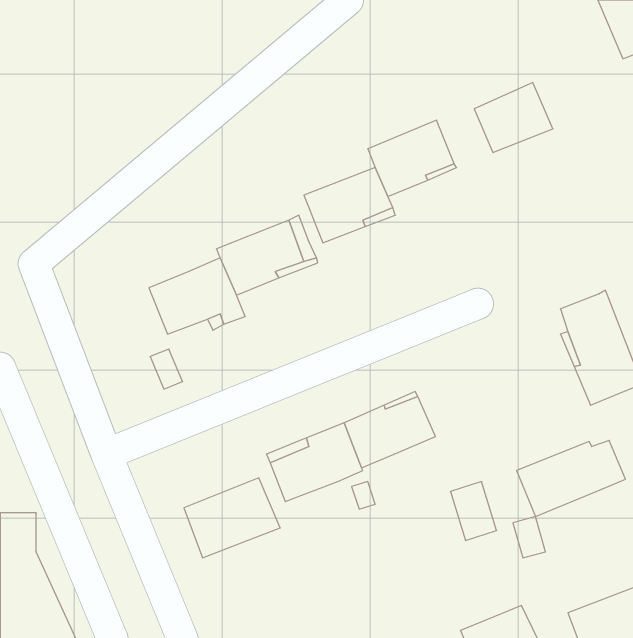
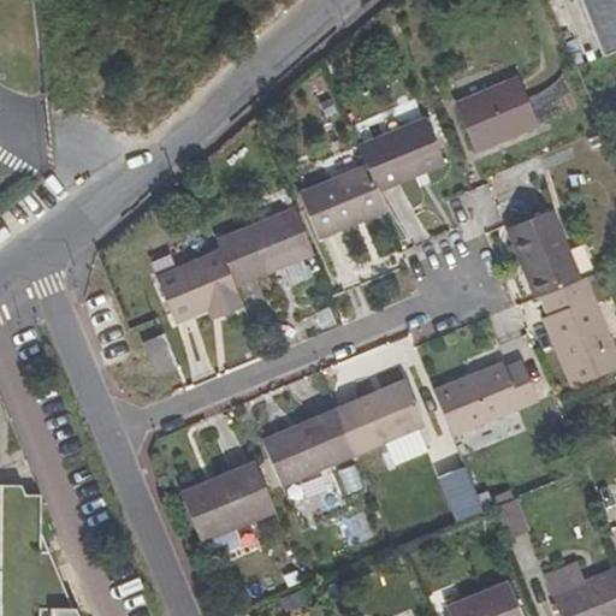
building: none -> [508,214,582,303]
building: [517,440,625,517] -> [436,363,540,437]

